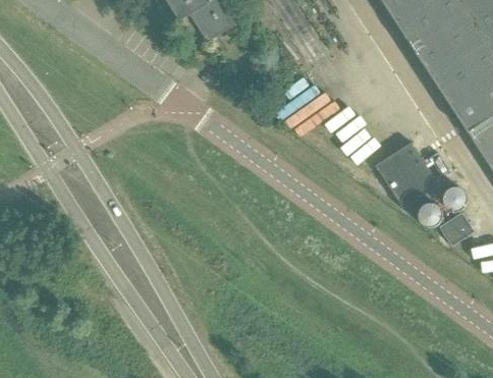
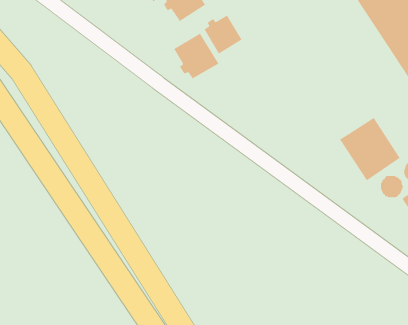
building: none -> [204,13,244,55]
building: none -> [172,31,219,79]

